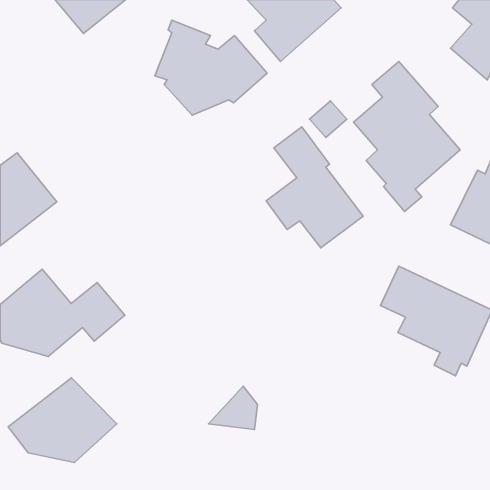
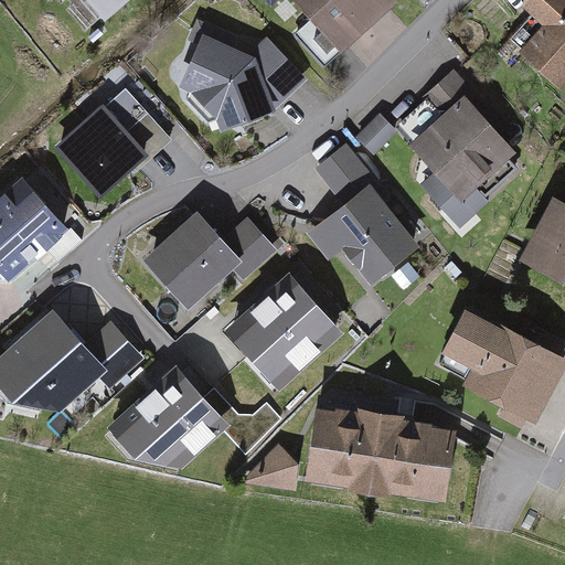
building: none -> [53,65,169,199]
building: none -> [141,212,279,309]
building: none -> [225,270,341,385]
building: none -> [299,404,451,503]
building: [8,378,117,462] -> [104,367,228,465]

